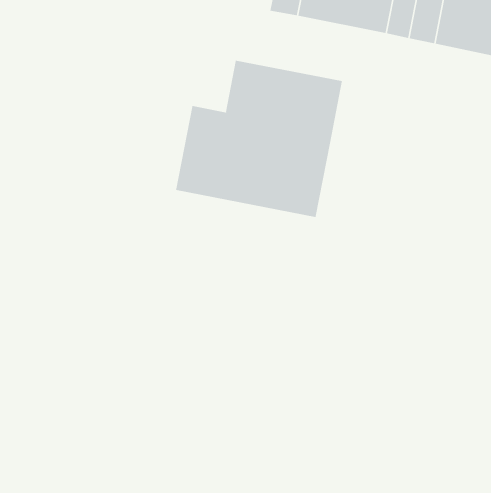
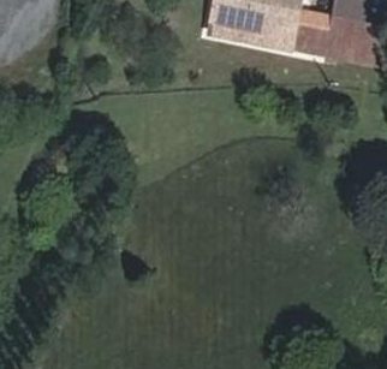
building: [176,60,343,218] -> none

